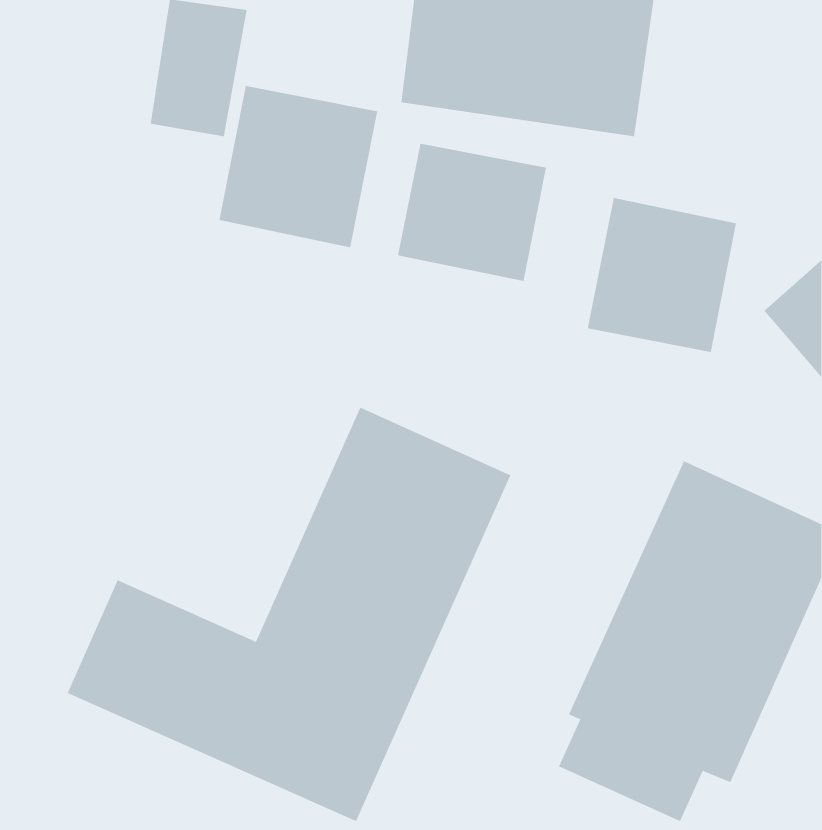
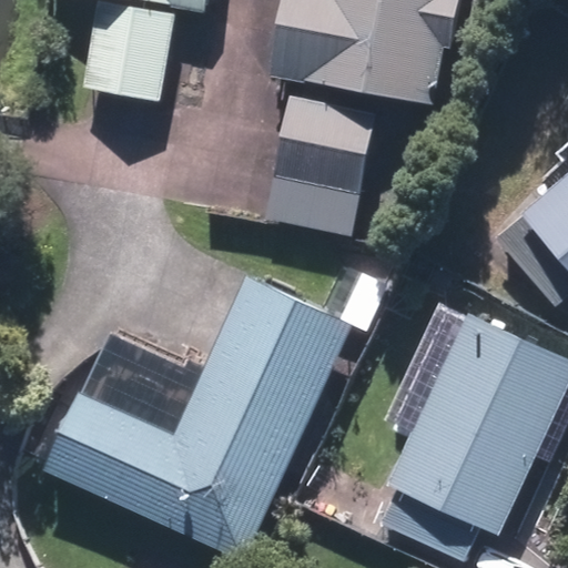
building: [219,85,378,248] -> none
building: [587,197,737,353] -> none

